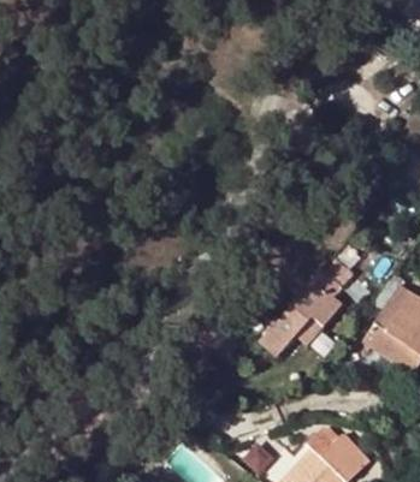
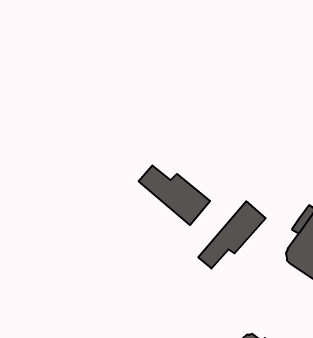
building: none -> [139,165,210,225]

